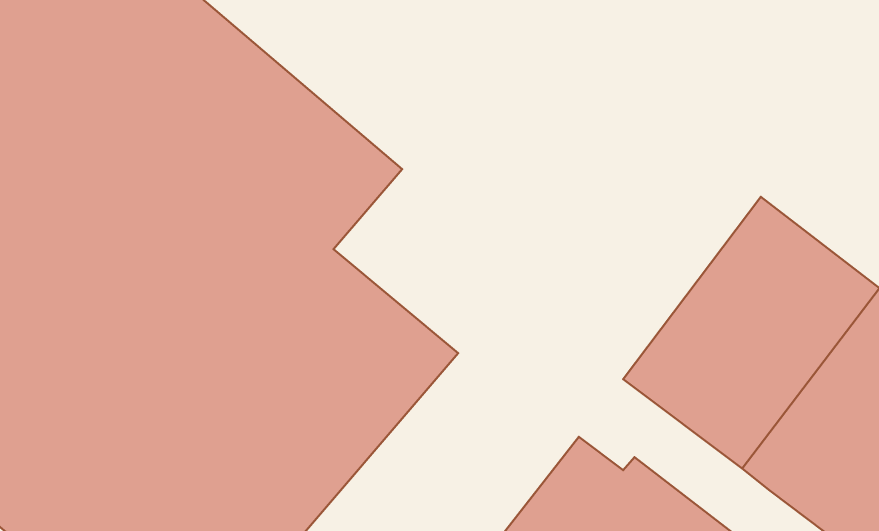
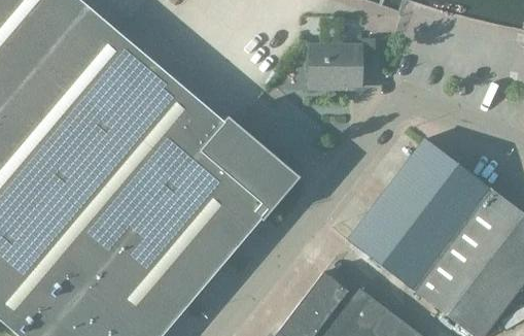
building: none -> [308,40,375,91]
building: none -> [186,122,295,227]

